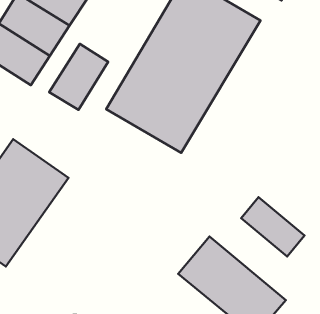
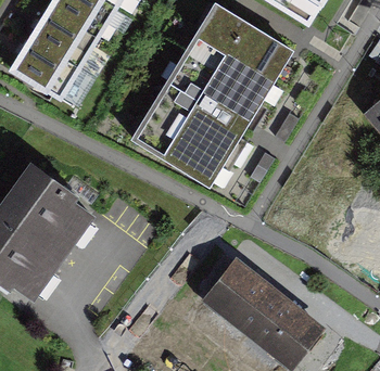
building: [49,44,108,110] -> none
building: [241,197,304,256] -> none

